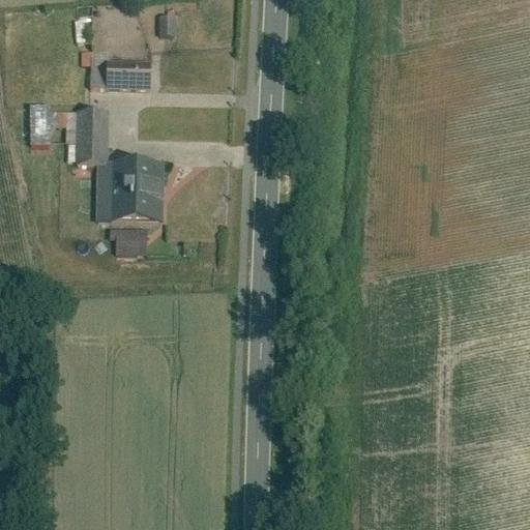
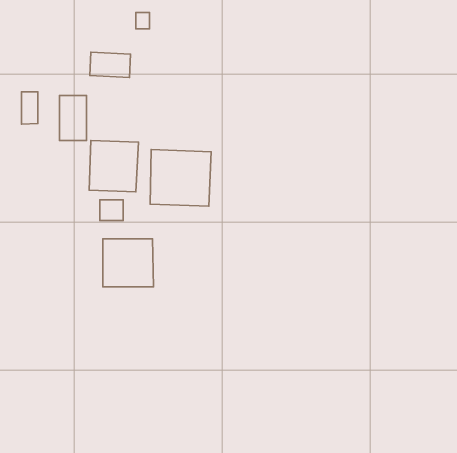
building: none -> [150,149,211,206]
building: none -> [103,239,153,287]

